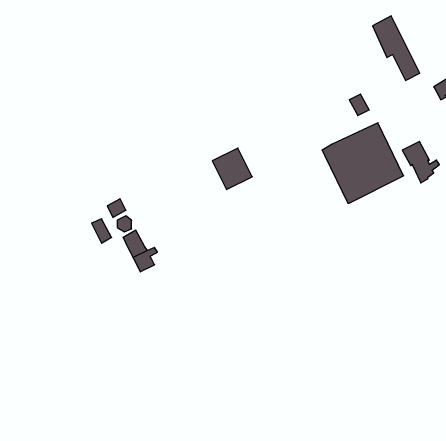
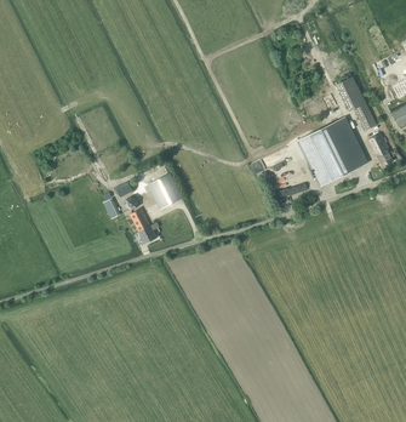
building: [373,16,420,80] -> [337,75,377,130]
building: [212,148,252,190] -> [148,172,182,207]

